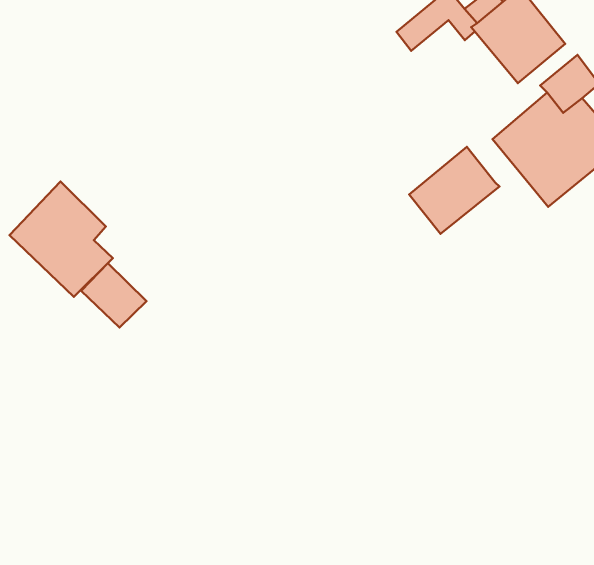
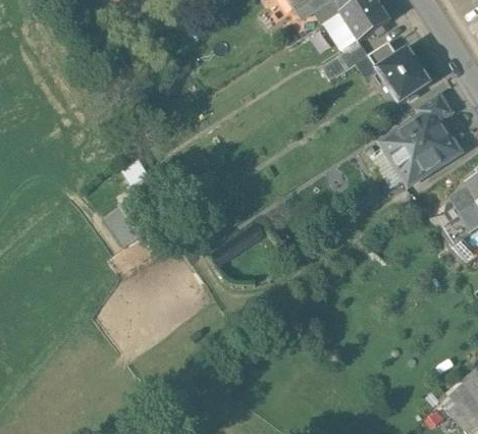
building: [409,147,499,234] -> none
building: [10,181,113,297] -> none

